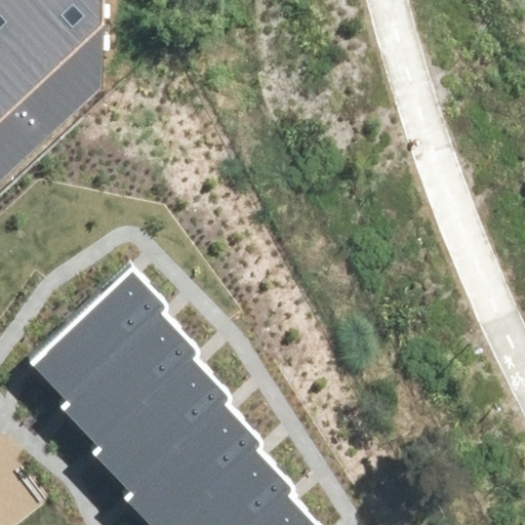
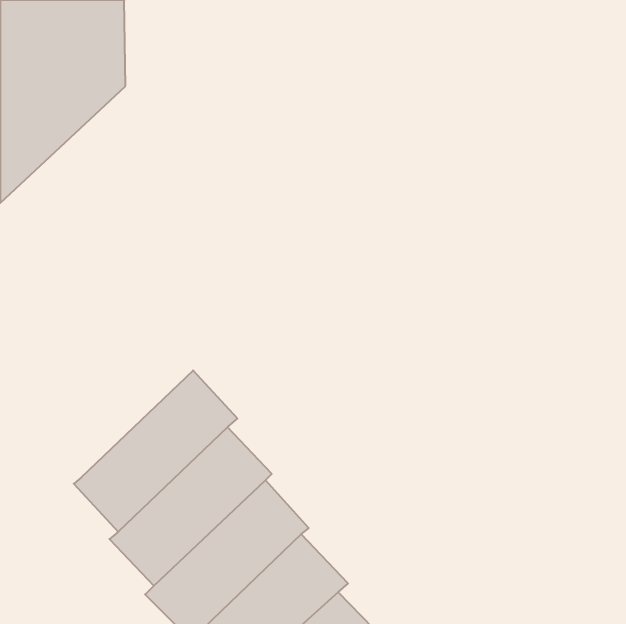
building: [32,270,168,402] -> none

